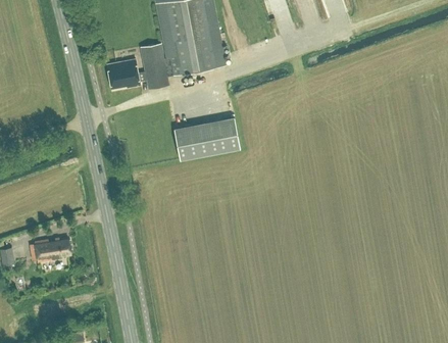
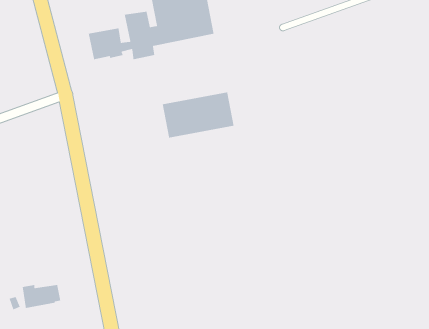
building: [36,239,71,261] -> [22,284,61,309]

